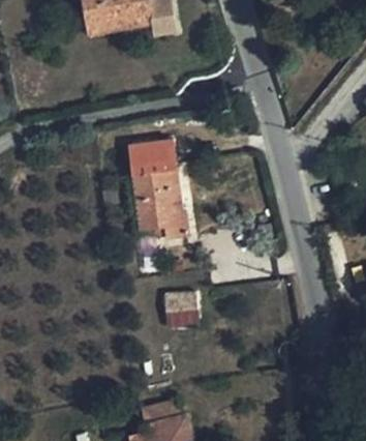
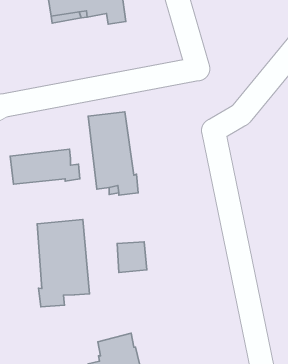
building: none -> [10,149,80,184]
building: none -> [37,220,90,307]

